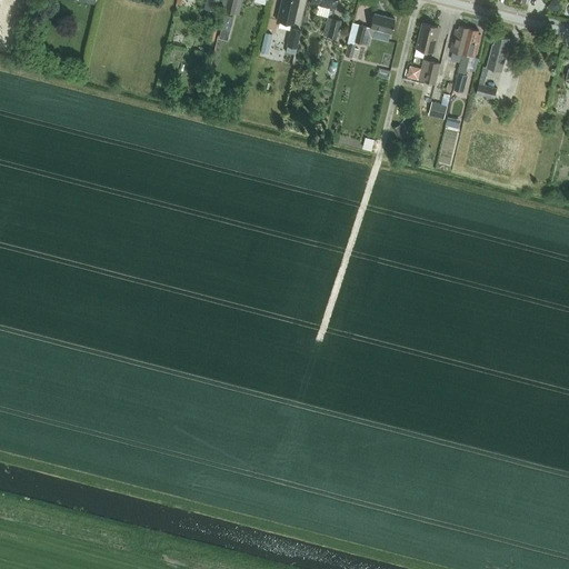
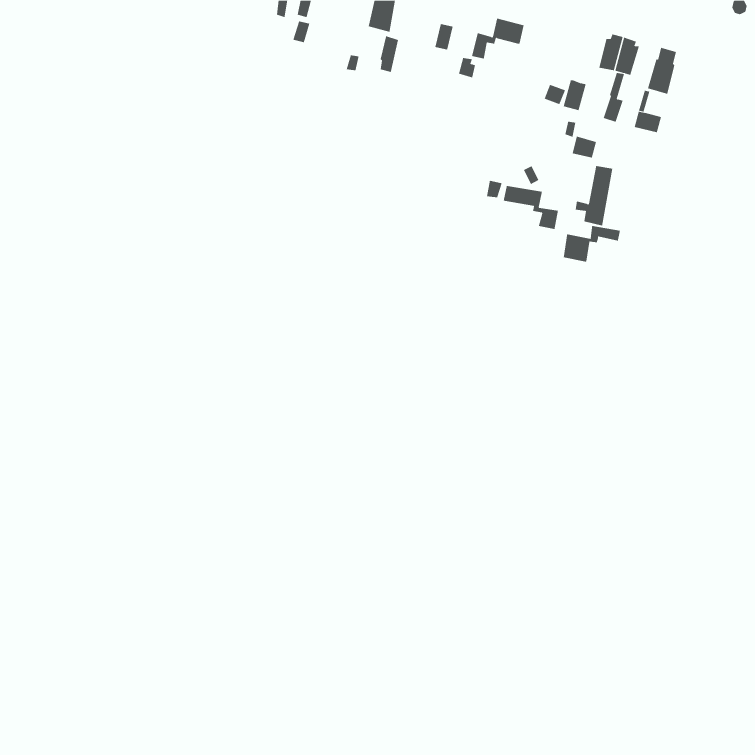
building: [416,22,440,52] -> none
building: none -> [503,185,558,230]
building: none -> [563,225,621,262]

